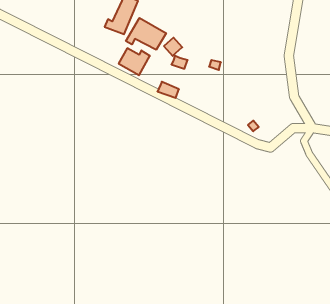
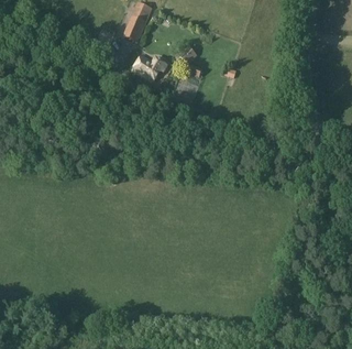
building: [126,18,166,50] -> none

